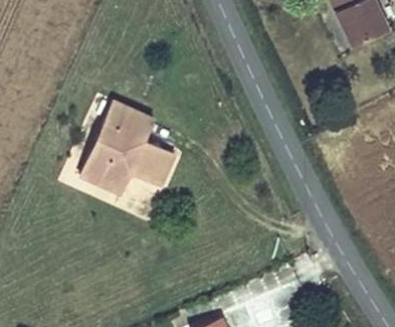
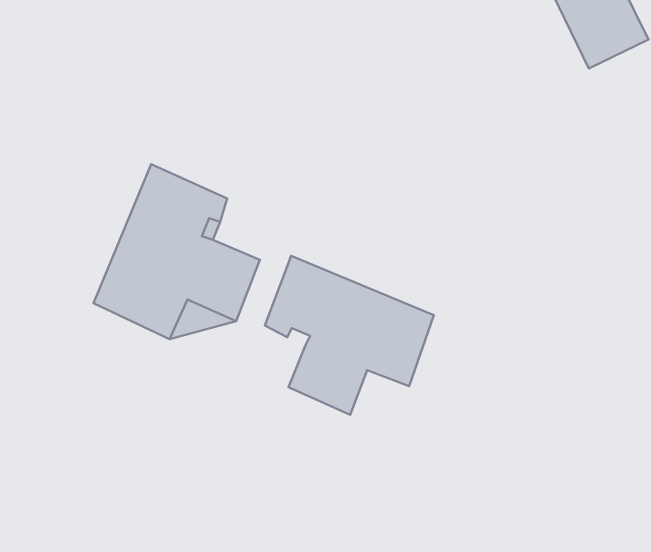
building: none -> [265,256,434,415]

